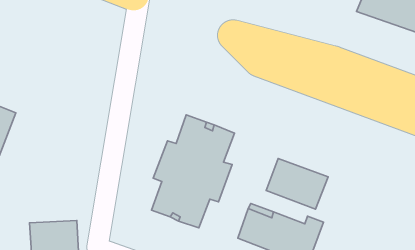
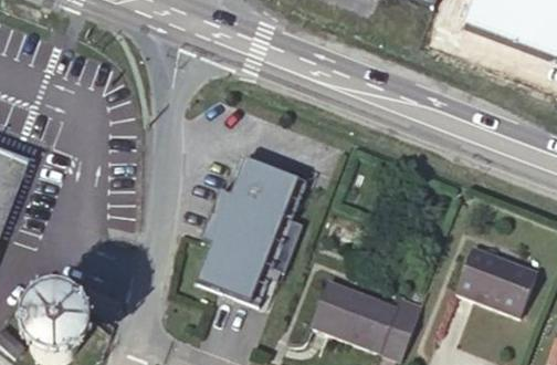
building: [266,158,328,209] -> [455,247,536,313]

